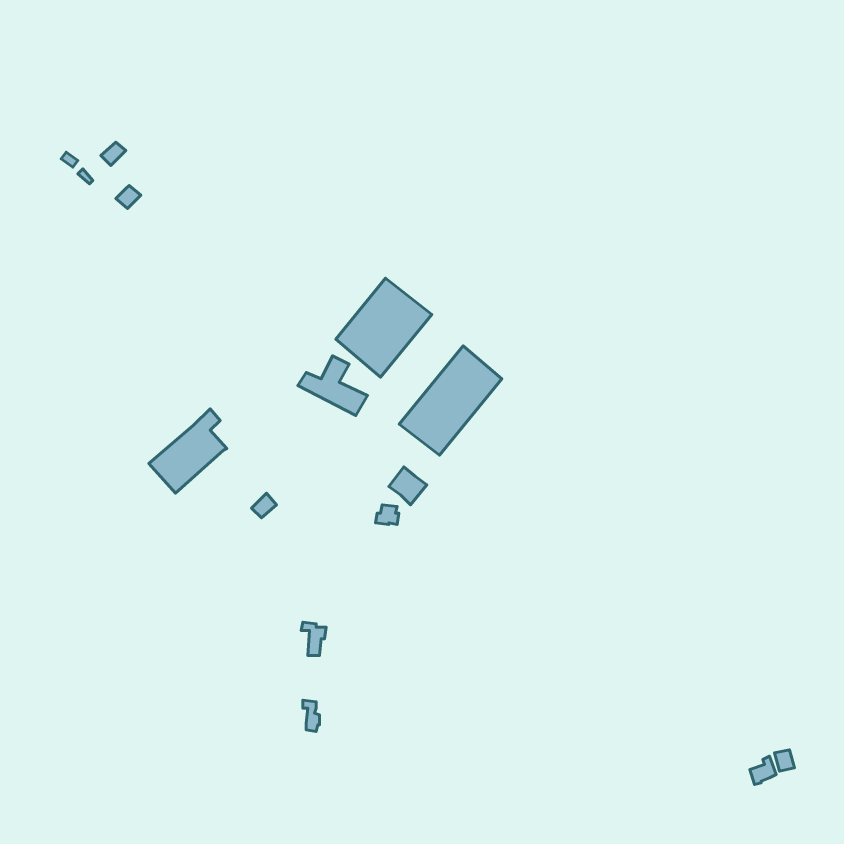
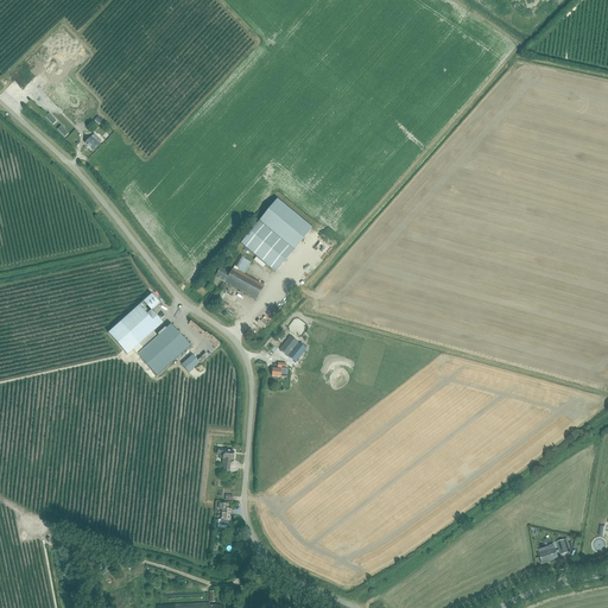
building: [399,346,502,455] -> none
building: none -> [137,324,189,375]

